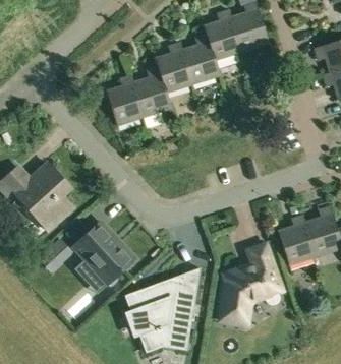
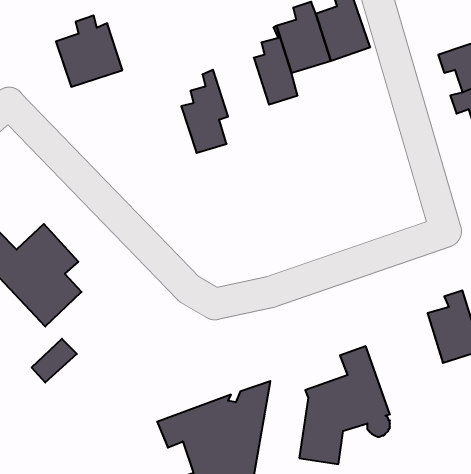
building: [162,45,200,89] -> none
building: [106,77,151,125] -> [56,16,122,87]
building: [277,215,317,264] -> none
building: [73,221,134,284] -> none

